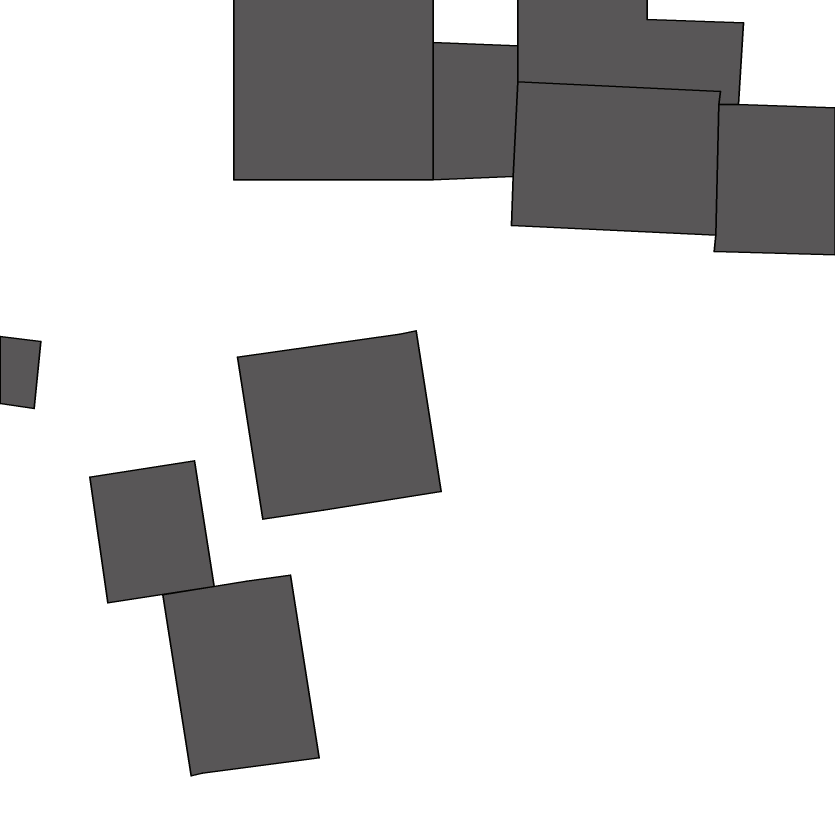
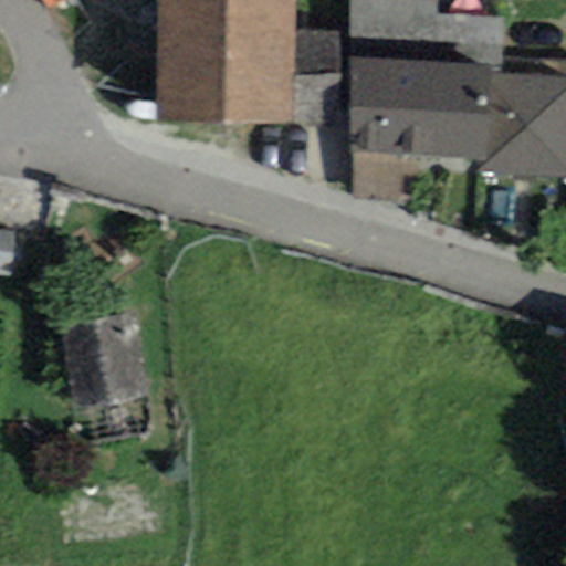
building: [237,331,441,519] -> none
building: [163,575,319,776] -> none

